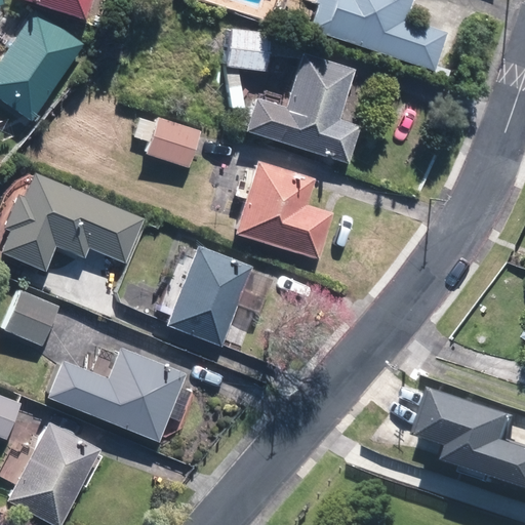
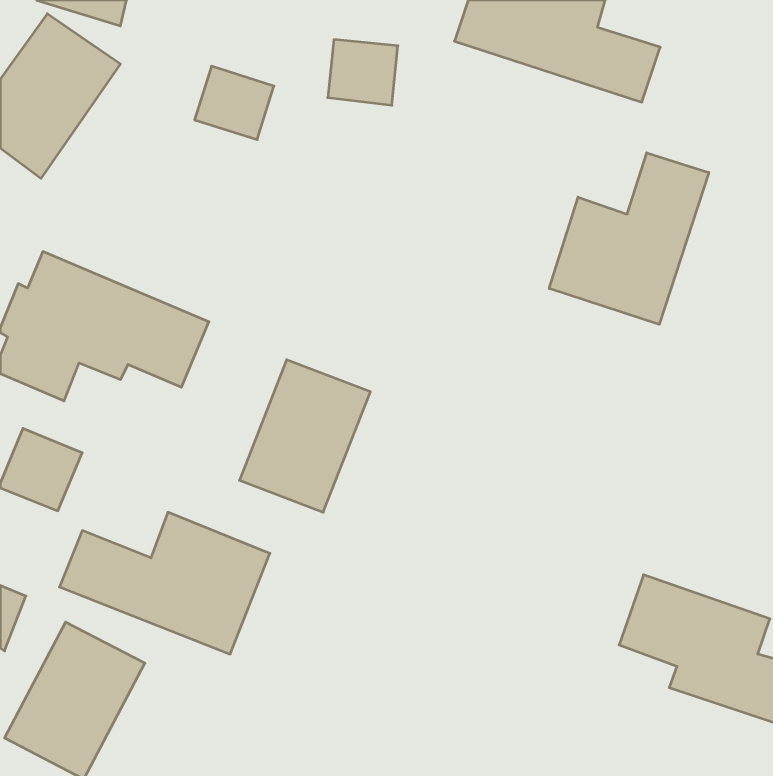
building: [243,53,362,165] -> none
building: none -> [549,153,709,324]
building: [147,119,200,168] -> [195,66,274,140]
building: [235,161,334,259] -> none

